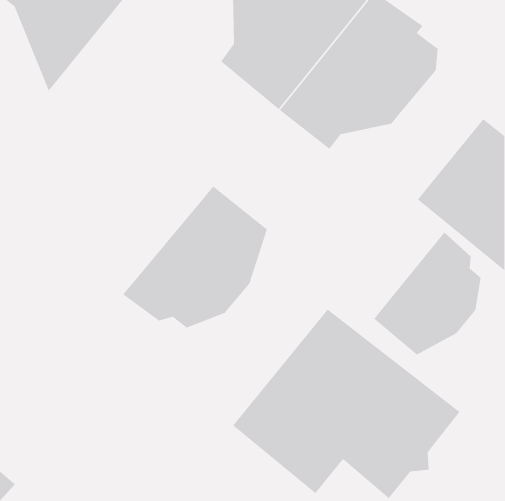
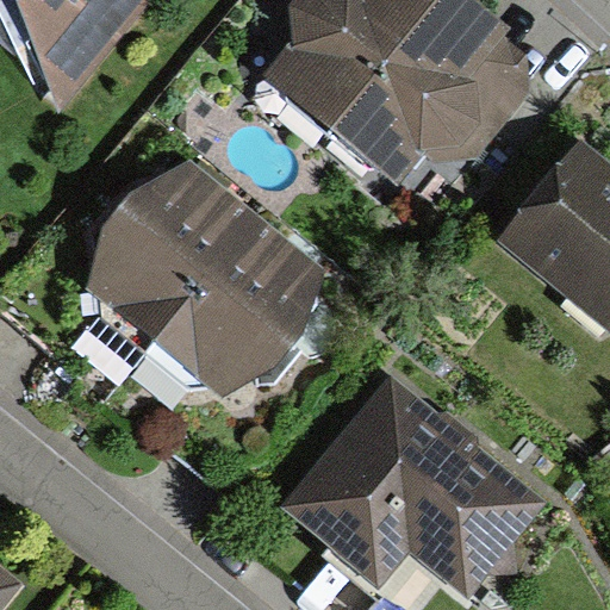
building: none -> [89,154,256,354]
building: [373,231,482,356] -> none

